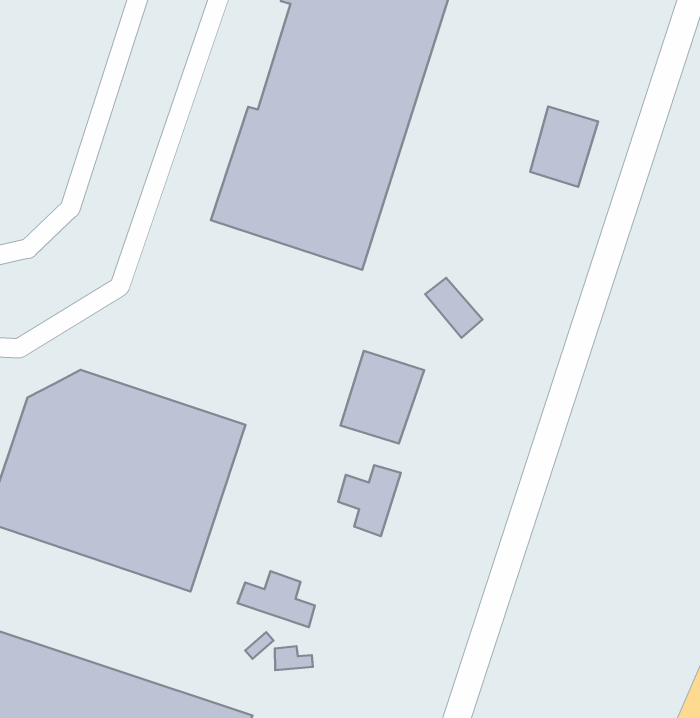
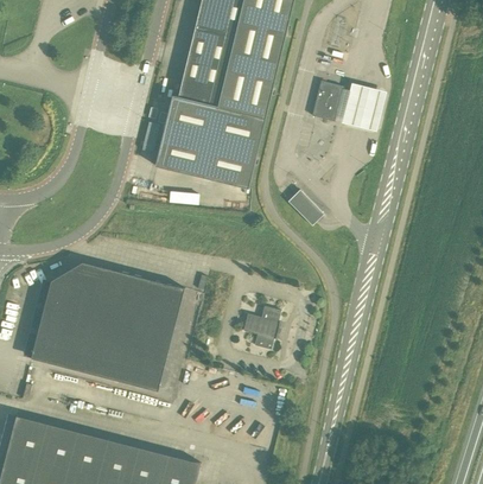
building: none -> [311,81,342,121]
building: [341,351,424,443] -> none
building: [237,571,315,627] -> none

